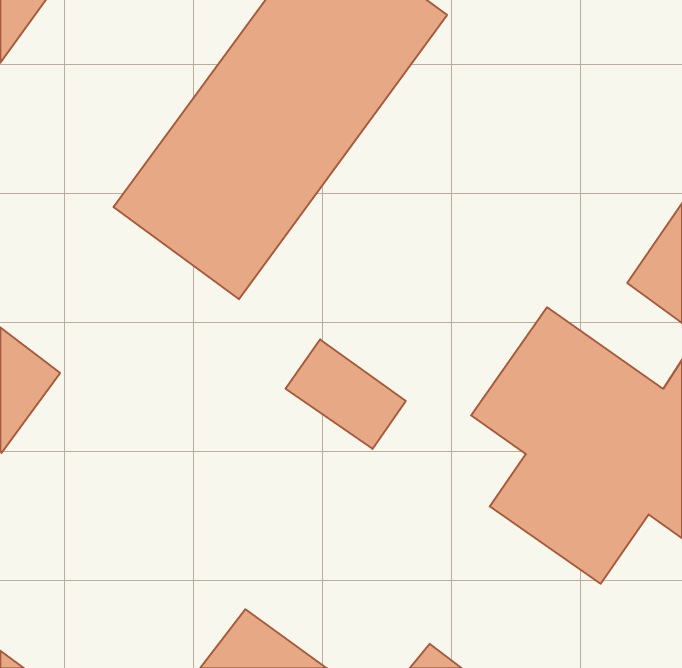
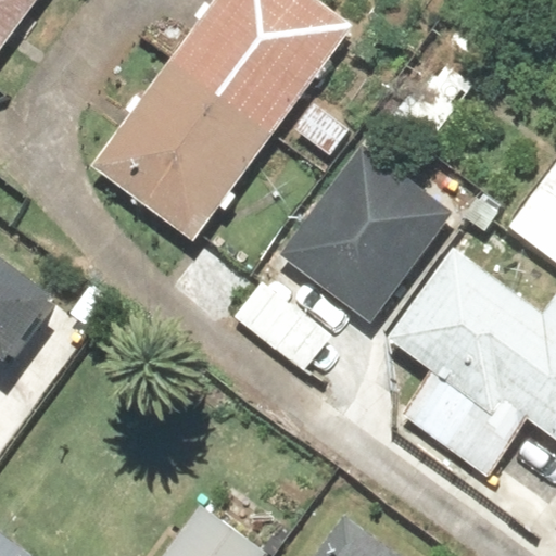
building: none -> [274,138,454,325]

